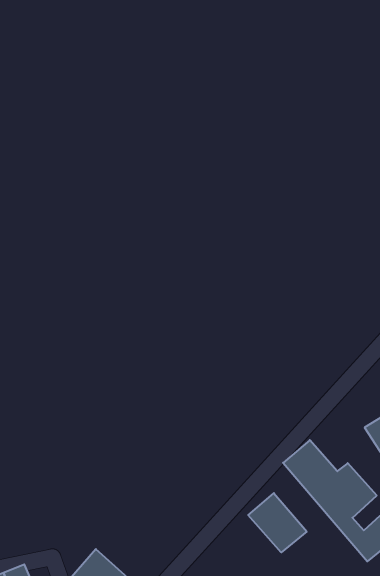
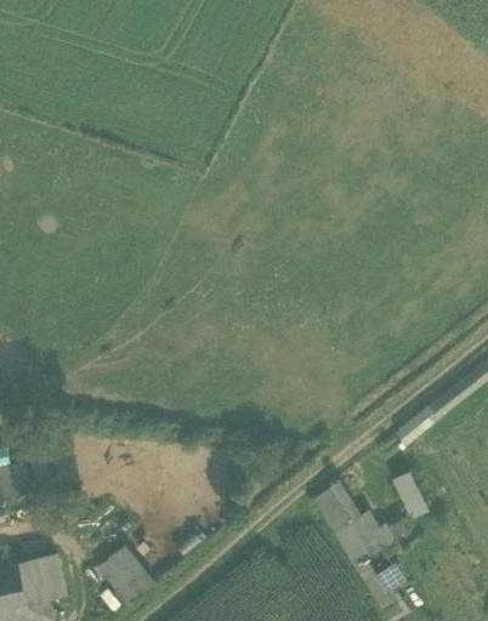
building: [248,493,307,552] -> none

